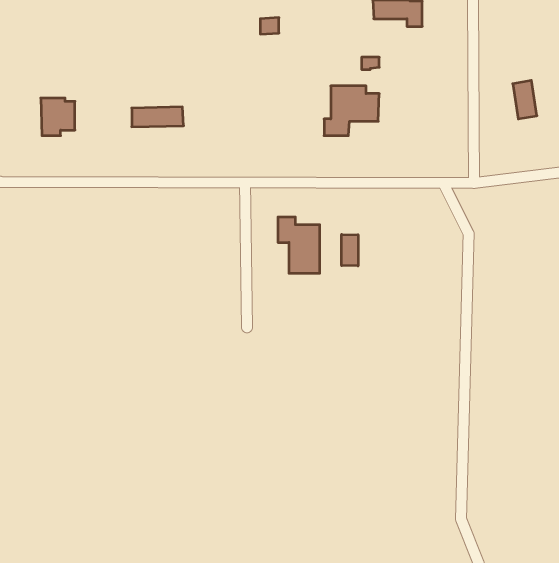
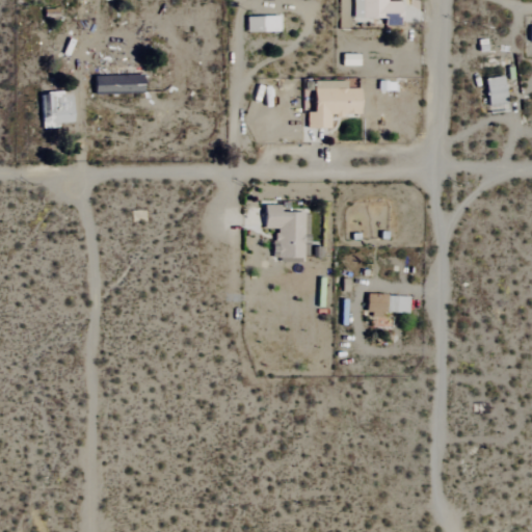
building: [132,107,184,127] -> [97,75,145,94]
building: [342,234,358,266] -> none
building: none -> [370,296,410,317]

